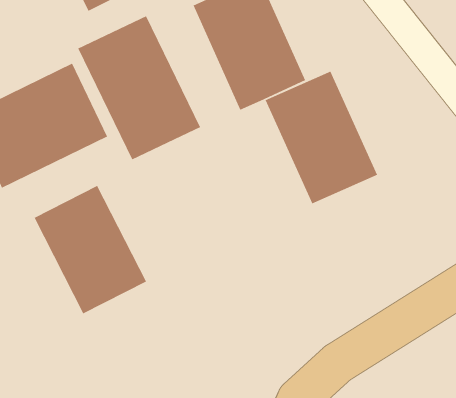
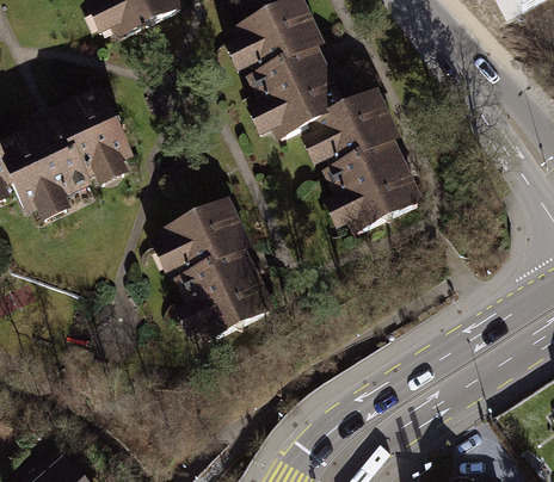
building: [77,15,201,161] -> none
building: [34,185,147,314] -> [149,202,270,339]

